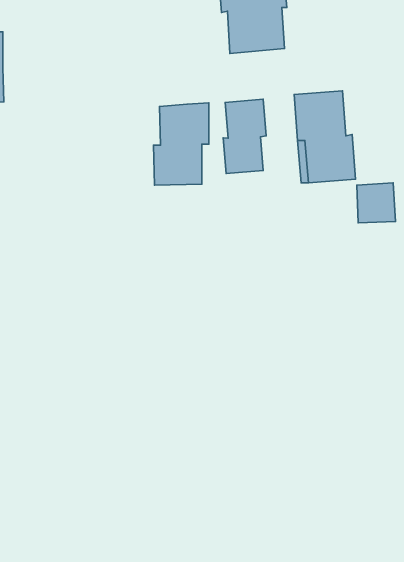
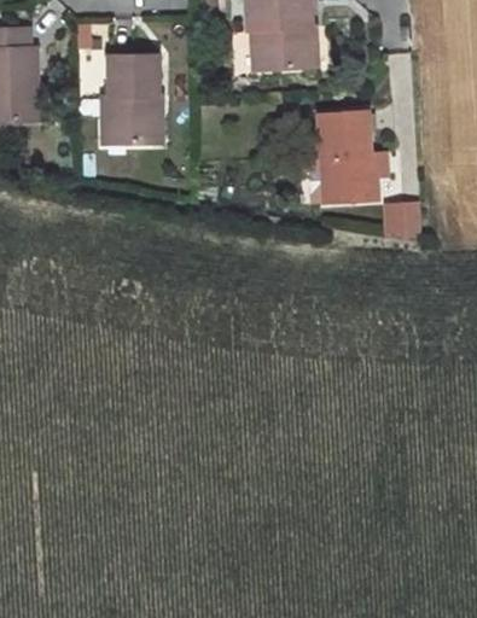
building: [223,99,266,174] -> none
building: [153,103,209,185] -> [105,51,161,133]

